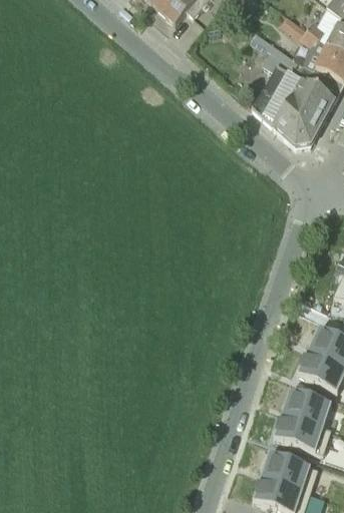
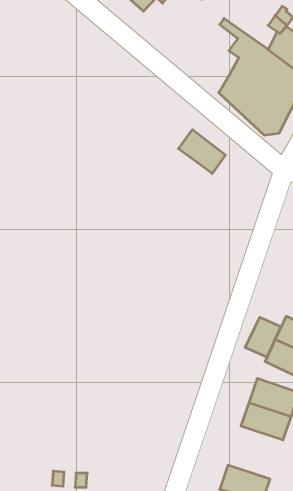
building: none -> [178,130,225,174]
building: none -> [245,317,281,357]
building: [260,451,310,488] -> none

